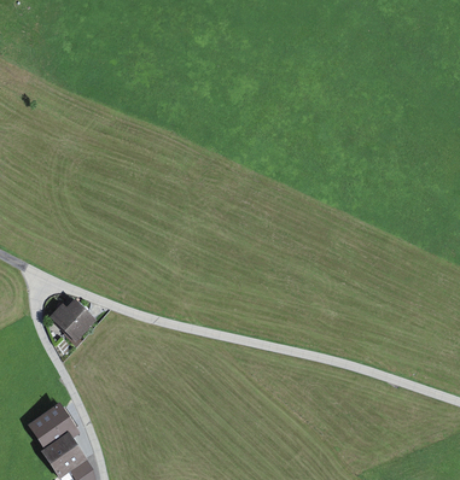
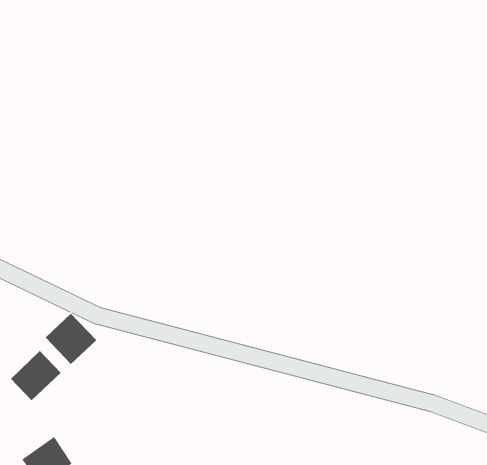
building: none -> [10,350,61,401]

